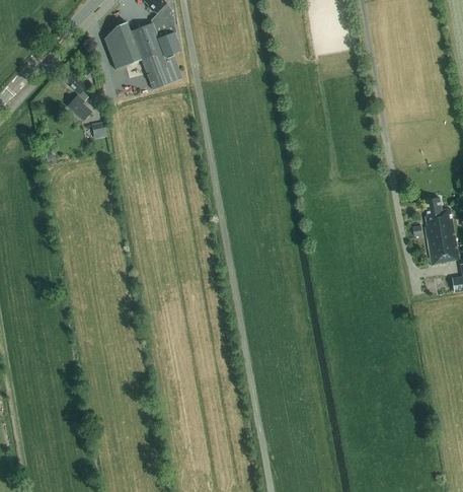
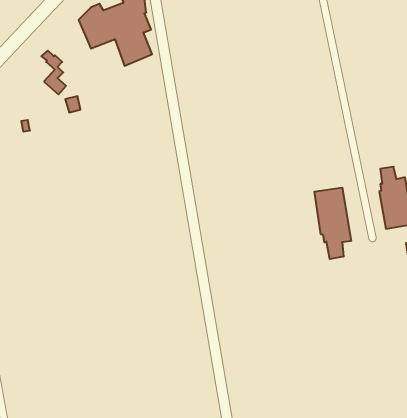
building: none -> [315,188,351,259]

